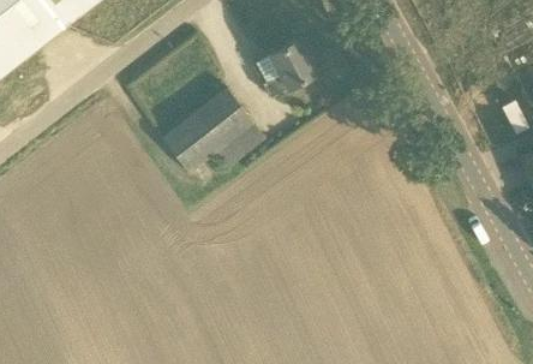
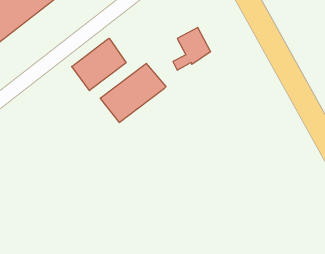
building: none -> [72,38,126,91]

